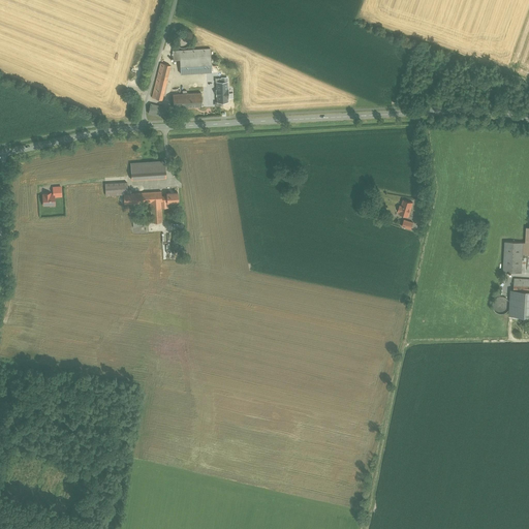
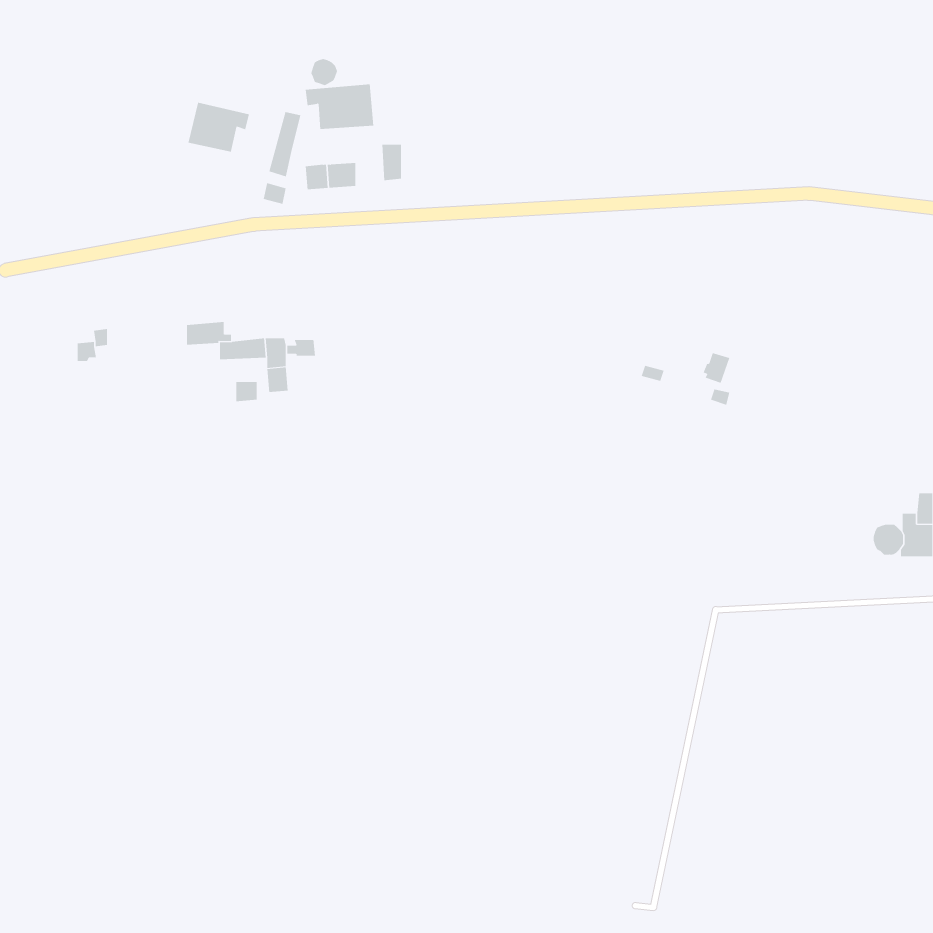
building: none -> [188,102,250,152]
building: [130,161,166,179] -> none
building: [503,242,523,273] -> none

